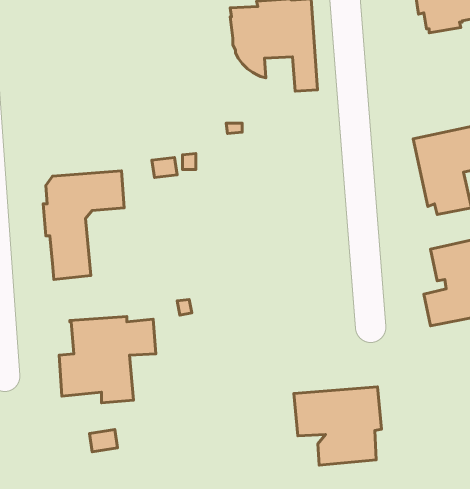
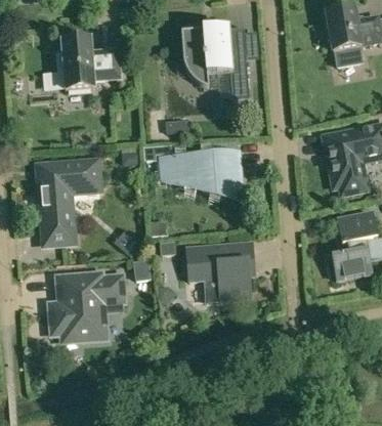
building: none -> [57,36,120,89]
building: none -> [160,150,243,203]
building: [294,387,381,465] -> [186,242,254,302]

